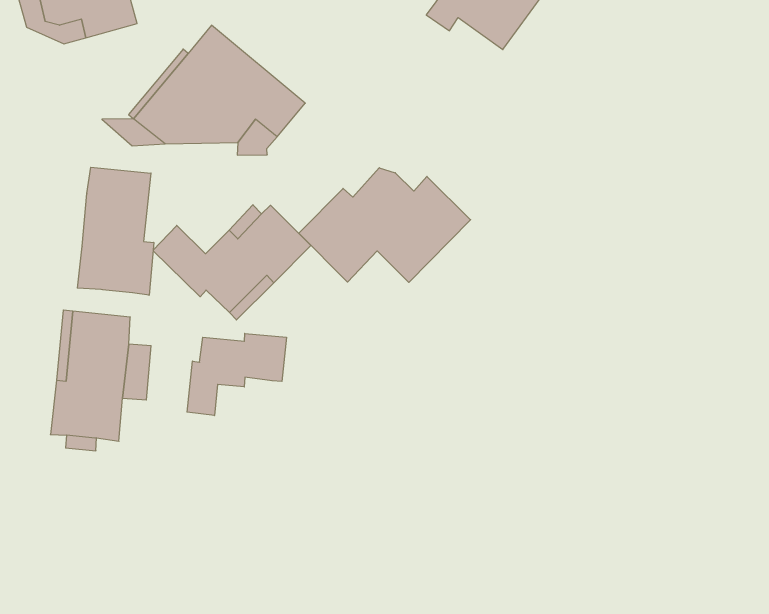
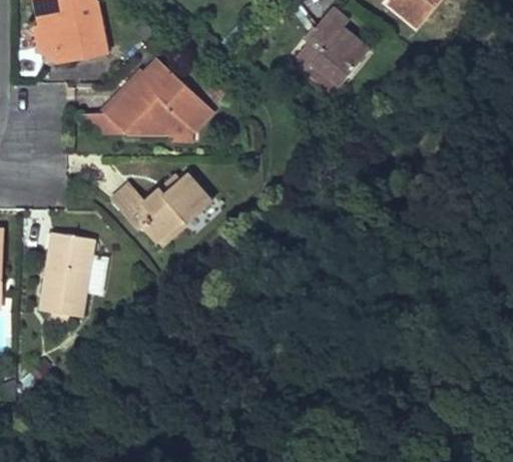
building: [77,167,154,295] -> none
building: [299,168,471,282] -> none
building: [187,333,286,416] -> none

